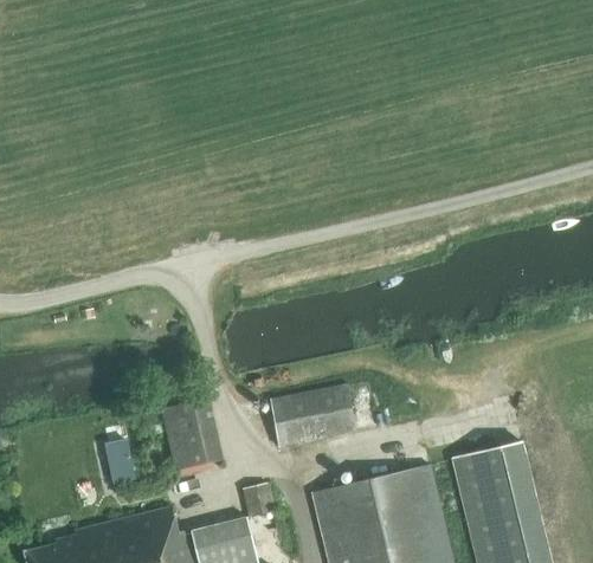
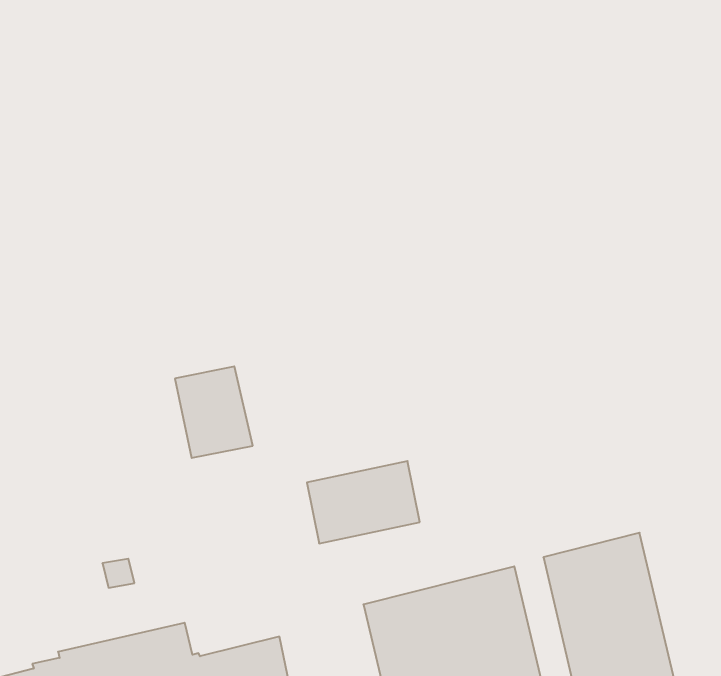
building: [163,401,224,472] -> [175,366,253,458]
building: [240,483,273,517] -> none

